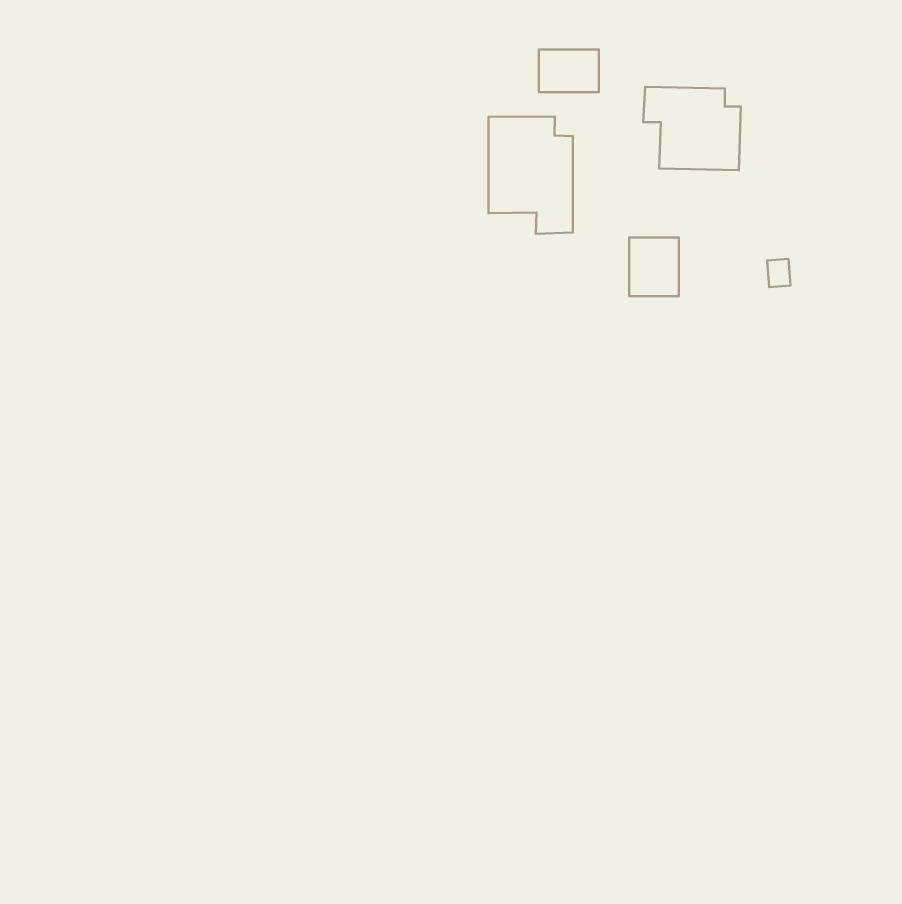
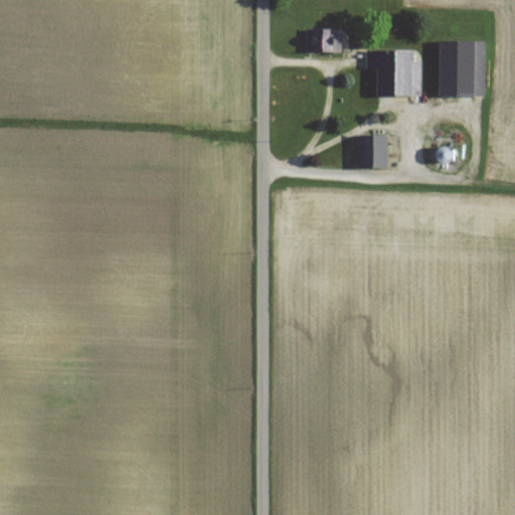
building: none -> [440,41,485,97]
building: [488,116,573,234] -> none

